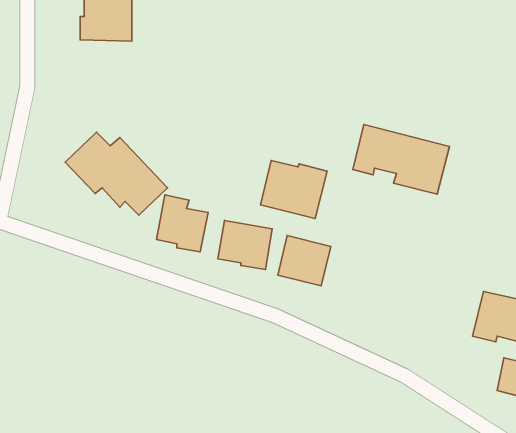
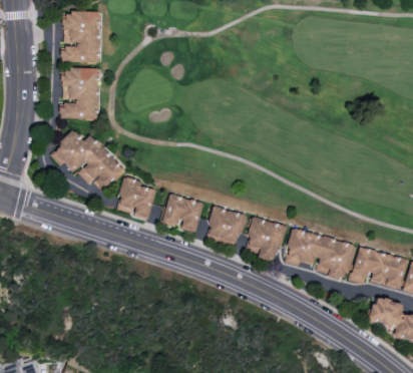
building: none -> [60,68,98,119]
building: [353,125,449,194] -> [284,229,355,280]
building: [260,160,327,219] -> none
building: none -> [246,218,284,262]

